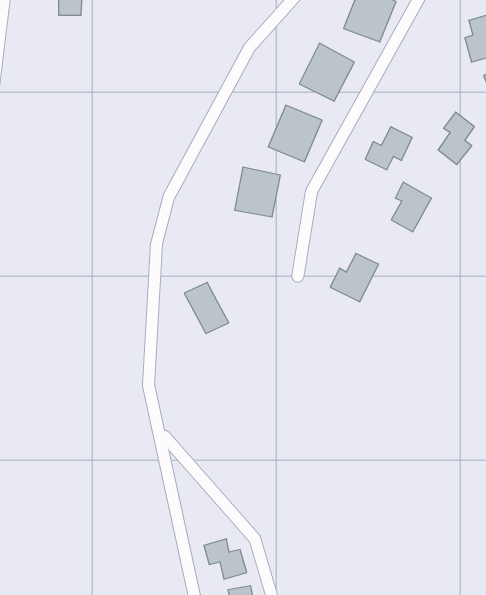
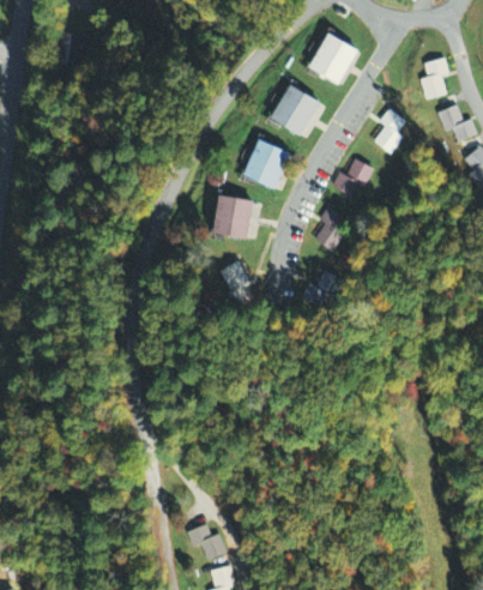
building: [438,112,474,165] -> [372,107,404,153]
building: [391,182,432,232] -> [314,205,350,249]
building: [184,282,229,334] -> [218,260,258,306]

